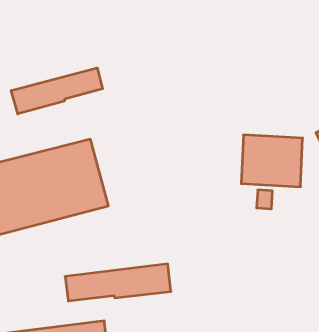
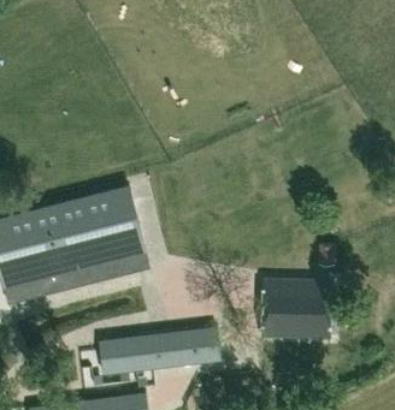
building: [11,68,103,114] -> none
building: [241,135,303,187] -> [261,279,331,338]

